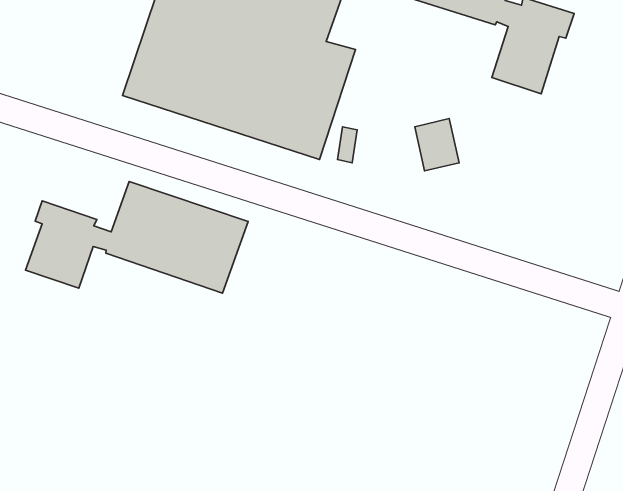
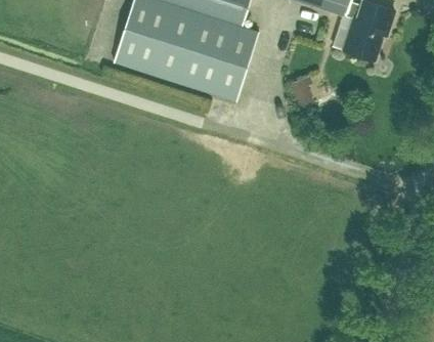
building: [25,181,248,293] -> none

